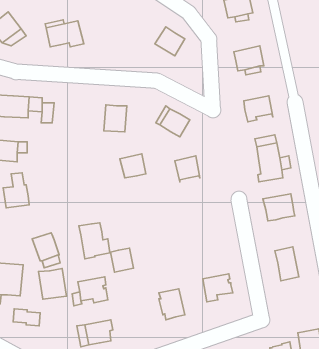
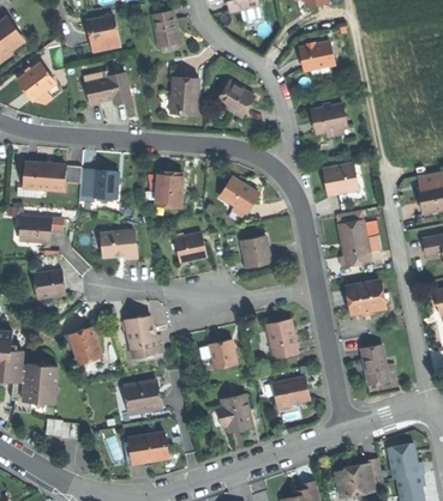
building: none -> [169,77,198,115]
building: none -> [92,170,118,198]
building: none -> [101,230,137,258]
building: none -> [267,319,298,357]
building: [111,248,134,272] -> [209,339,237,368]
building: [38,269,67,299] -> none

